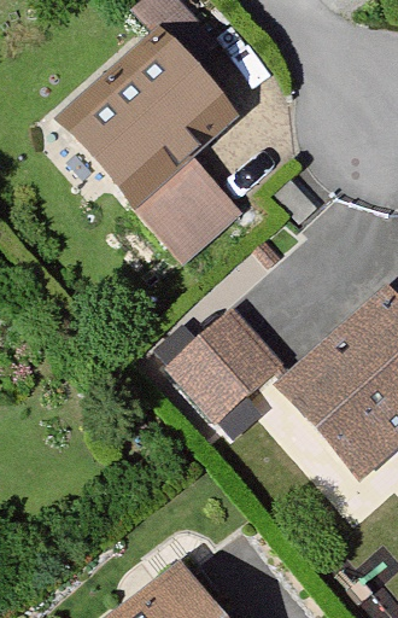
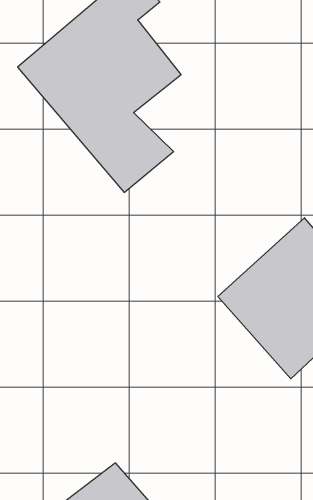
building: [157,316,280,414] -> none

